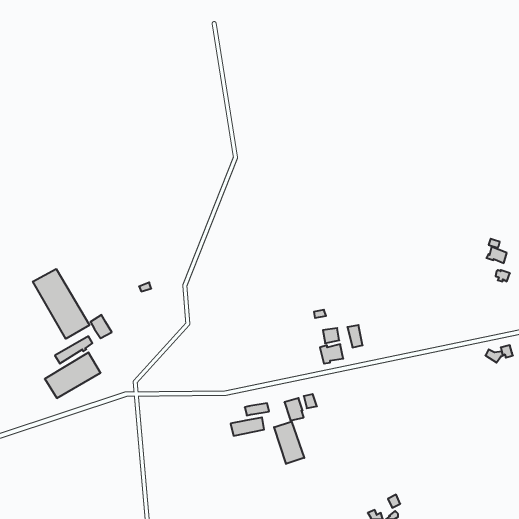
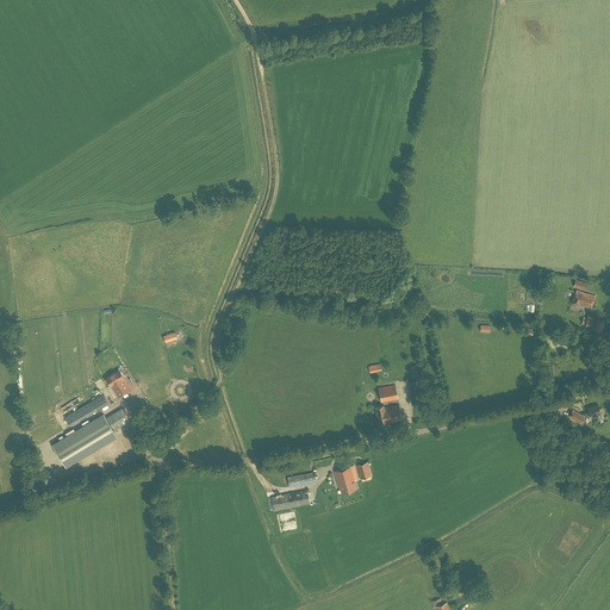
building: [33,269,89,339] -> none
building: [274,422,304,464] -> none

